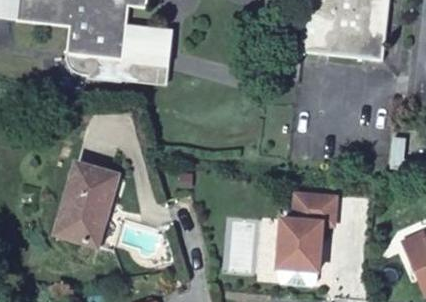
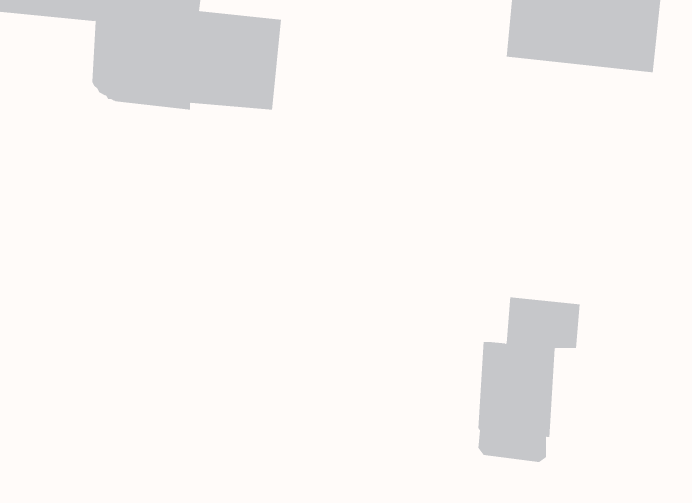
building: [57,159,121,243] -> none

